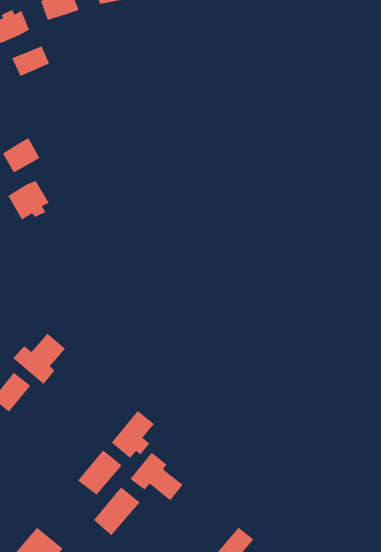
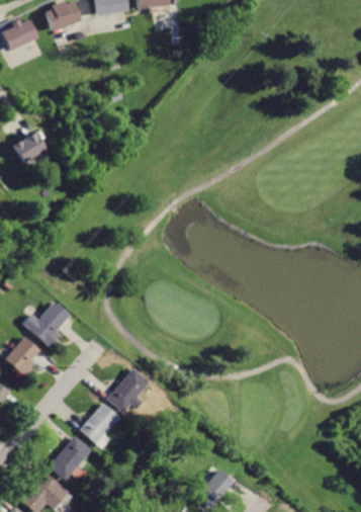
building: [12,45,50,77] -> none
building: [8,180,50,221] -> none
building: [130,452,183,501] -> none
building: [93,486,140,536] -> [51,436,92,480]

